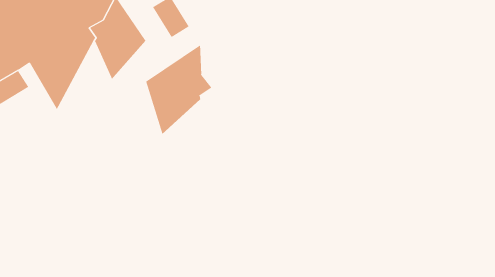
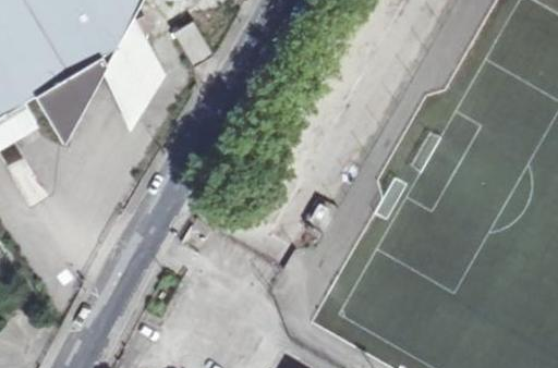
building: [146,44,212,135] -> none

